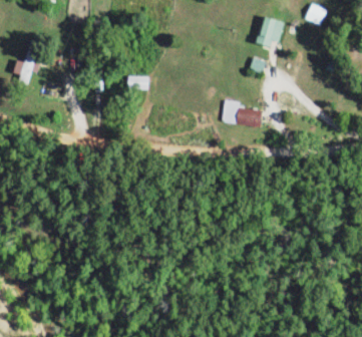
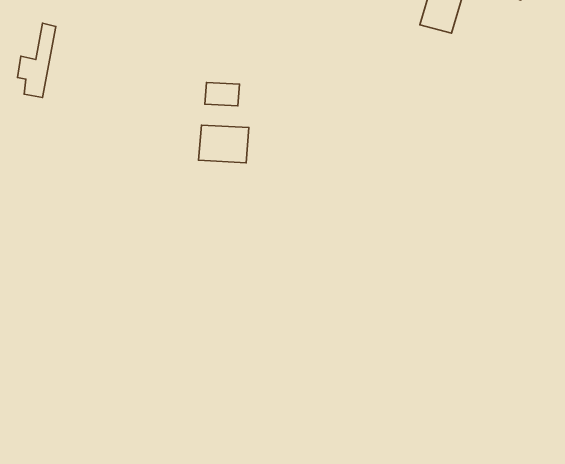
building: [221,100,263,128] -> none
building: none -> [199,125,249,163]

